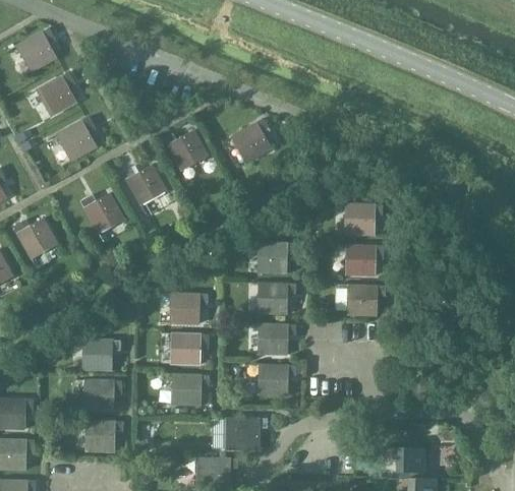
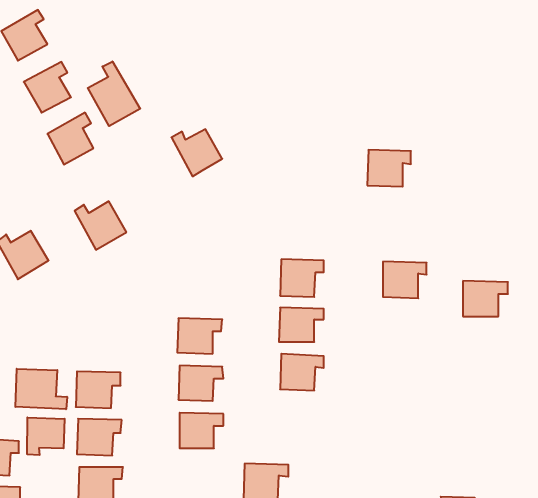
building: none -> [88,61,140,126]
building: [231,119,272,163] -> none
building: [122,164,167,205] -> none
building: [345,203,383,235] -> [367,150,411,187]
building: [347,285,386,315] -> [463,281,508,316]
building: none -> [15,369,67,409]
building: [258,364,296,394] -> none
building: none -> [27,417,65,455]

